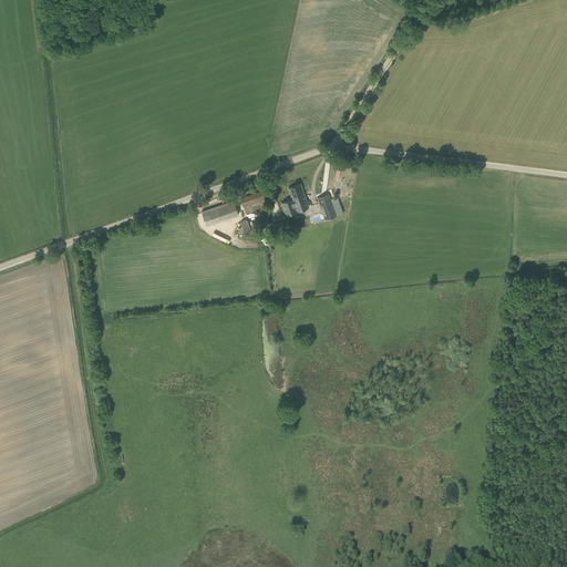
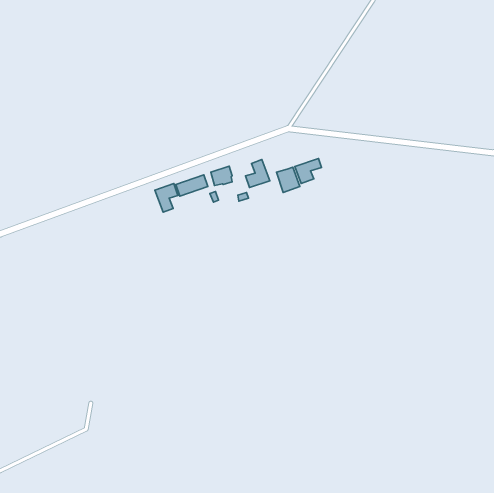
building: none -> [295,159,322,183]
building: none -> [155,184,178,212]

